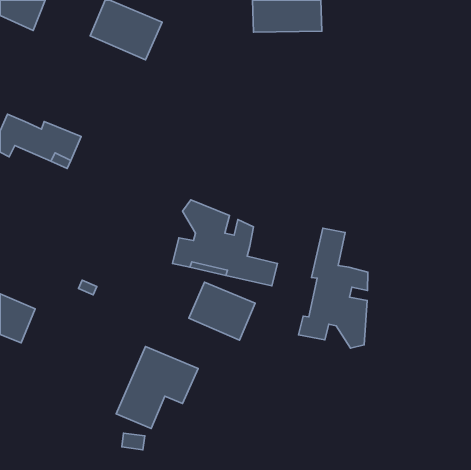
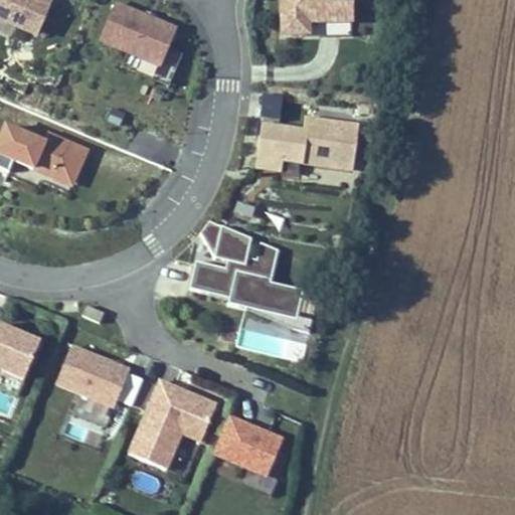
building: none -> [254,116,360,171]
building: [299,228,368,348] -> none
building: [189,282,255,340] -> [211,414,284,478]
building: none -> [56,343,133,409]

